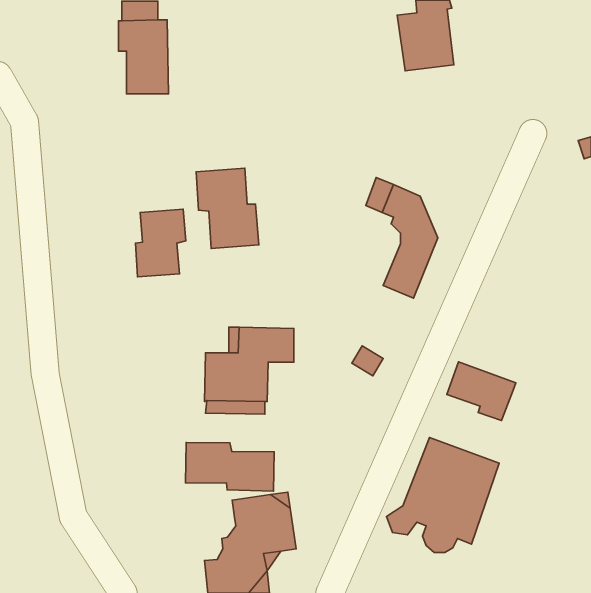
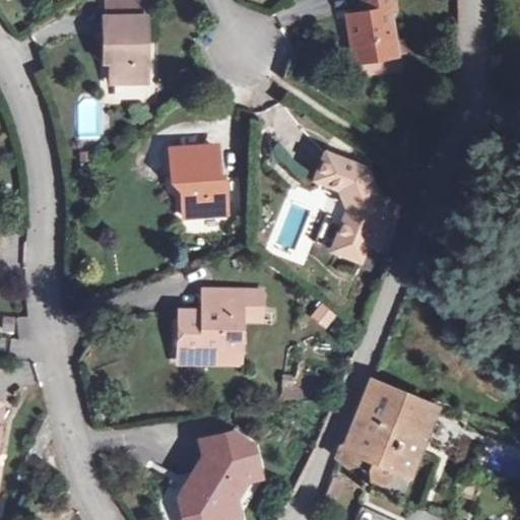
building: [135,209,186,277] -> none
building: [447,362,516,421] -> none
building: [186,442,274,491] -> none

